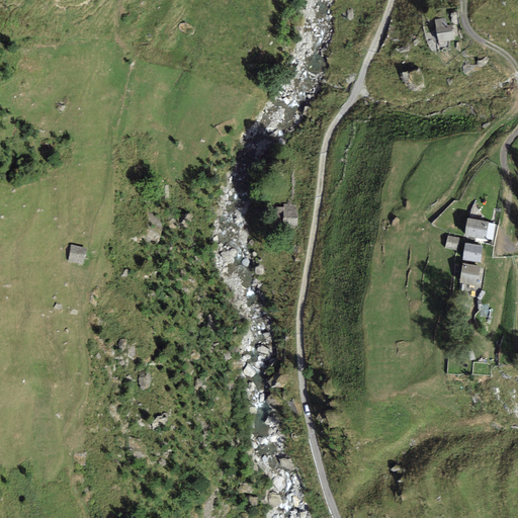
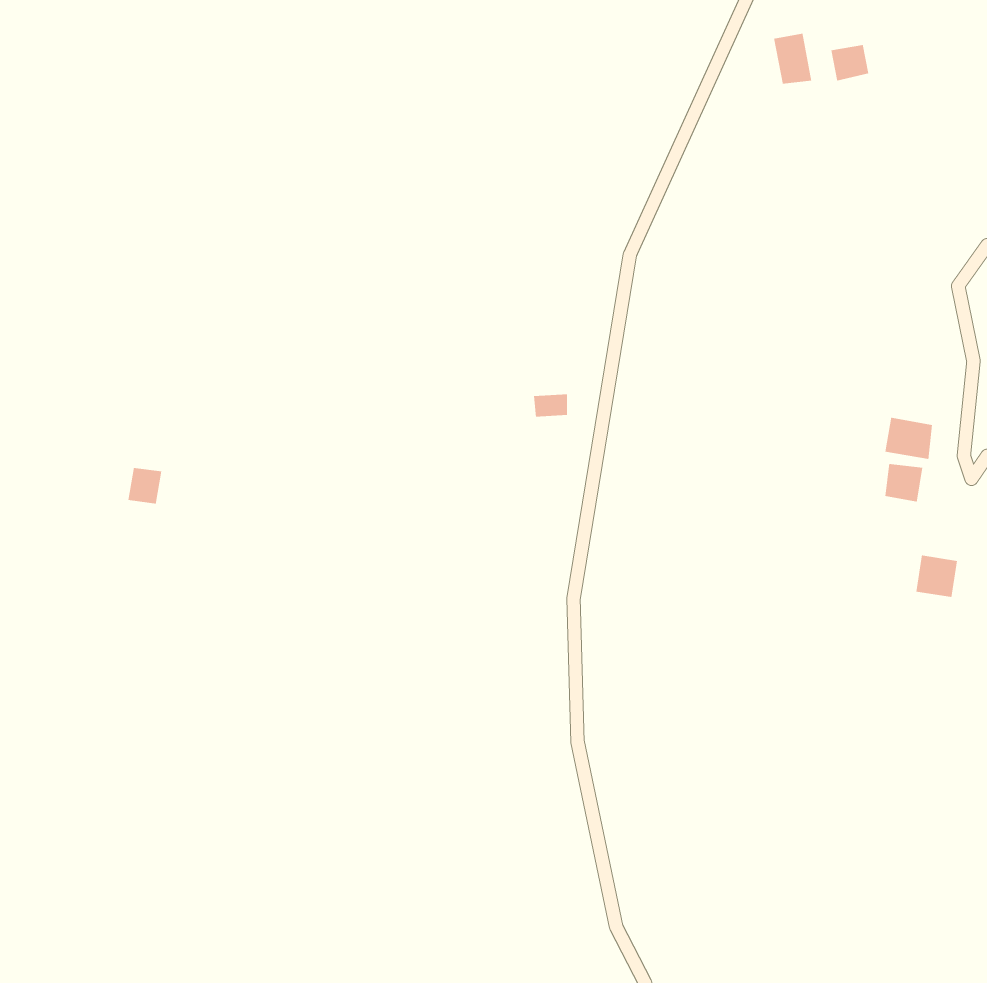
building: none -> [774,33,812,84]
building: [459,262,482,284] -> [915,555,958,597]

